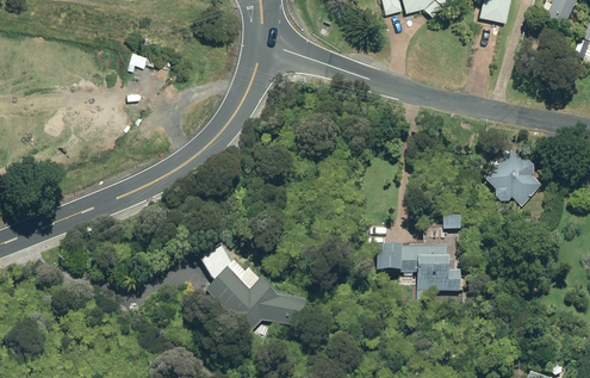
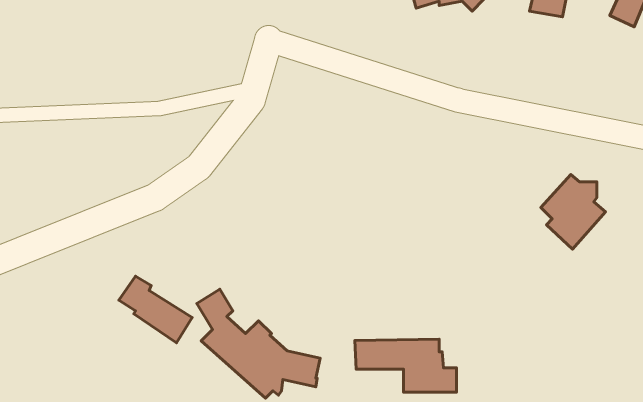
building: none -> [119,276,192,343]
building: [377,244,461,289] -> [355,339,456,392]

